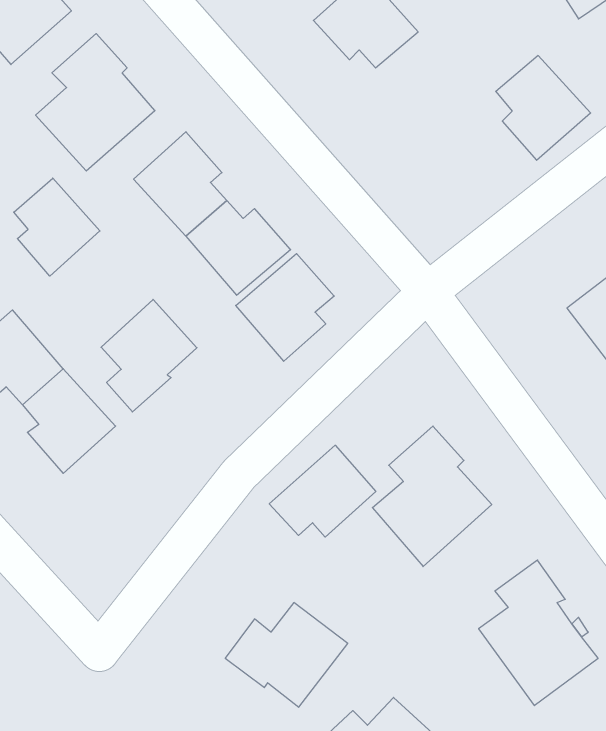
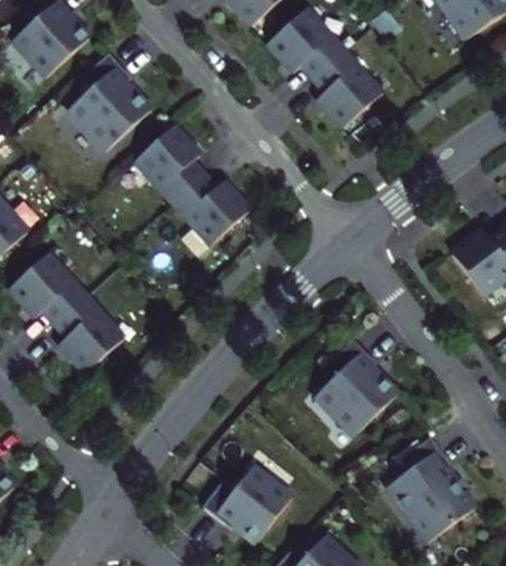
building: [496,56,591,160] -> [312,52,381,128]
building: [14,178,100,276] -> none
building: [236,254,334,361] -> none
building: [101,299,197,412] -> none
building: [269,445,376,537] -> none

